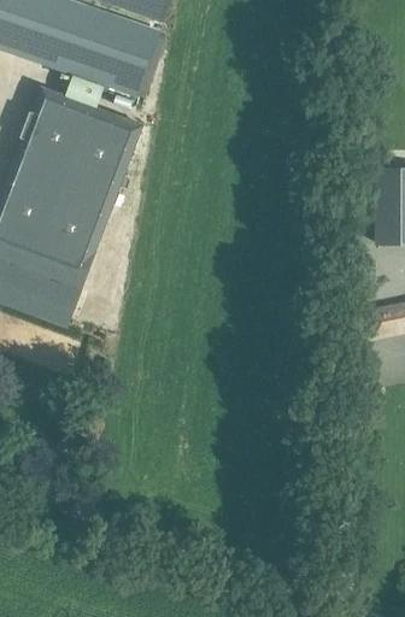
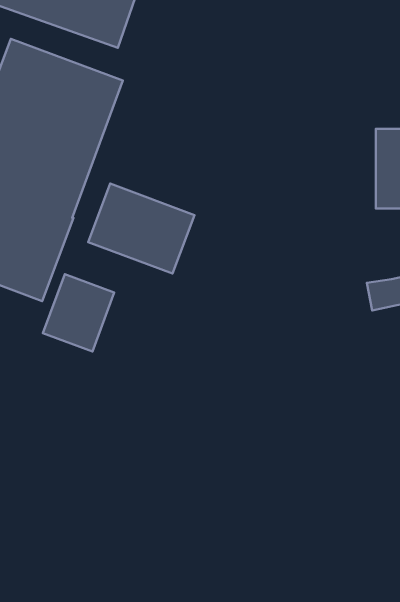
building: none -> [88,184,194,274]
building: none -> [43,274,114,352]

